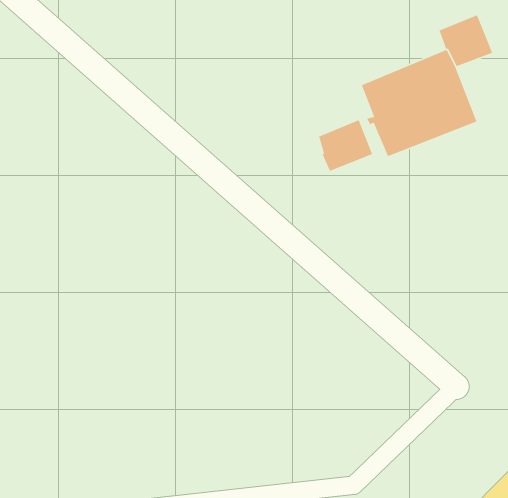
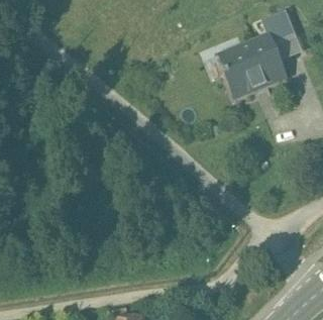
building: [318,119,373,172] -> none

